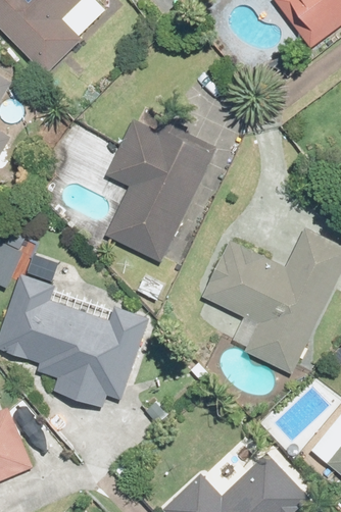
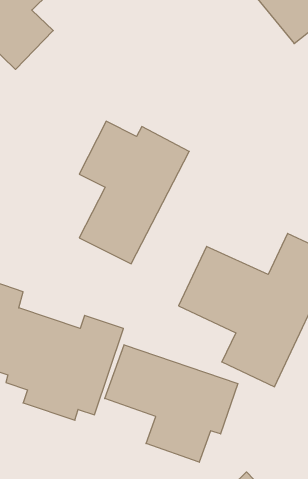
building: none -> [105,345,238,462]

